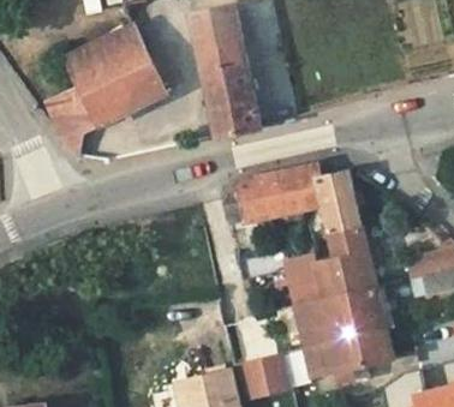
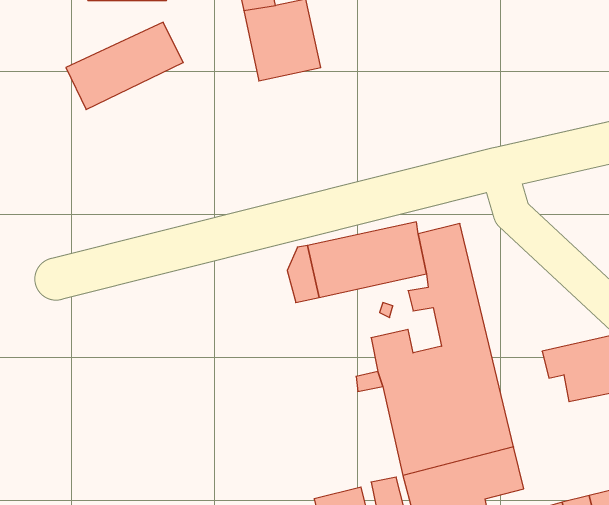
building: [43,54,166,142] -> none
building: [202,58,261,137] -> none

